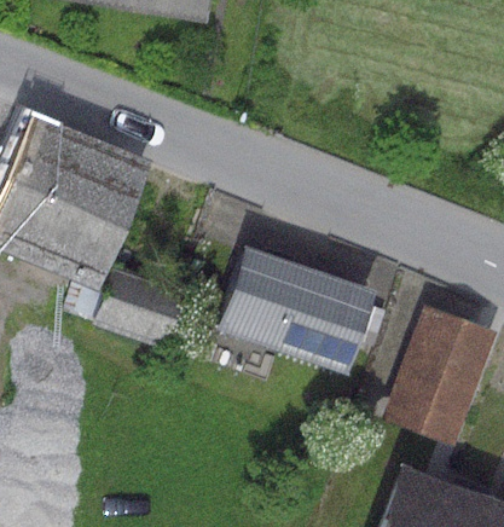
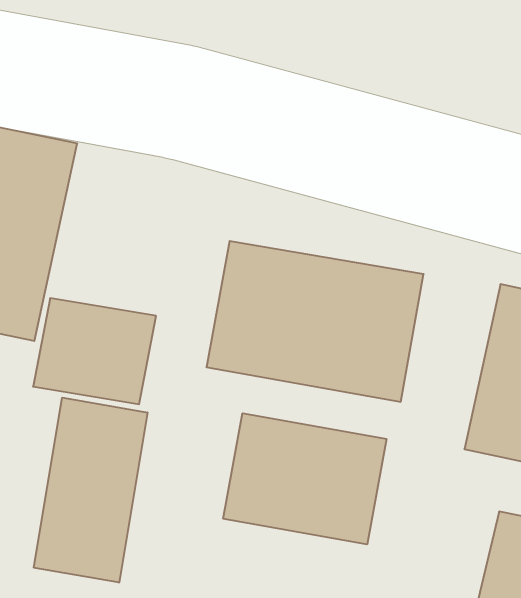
building: none -> [34,398,147,583]
building: none -> [223,413,386,544]

